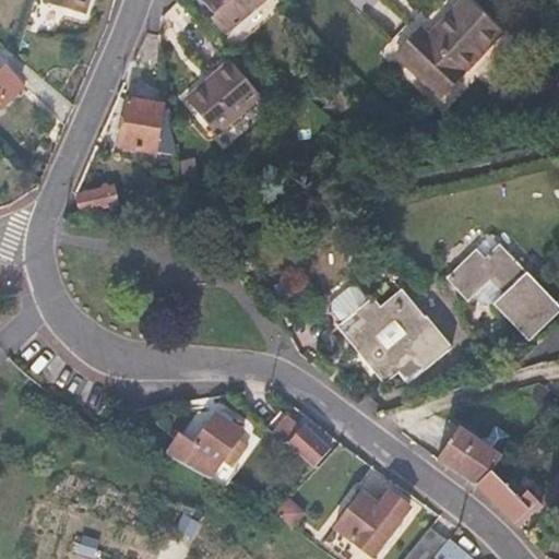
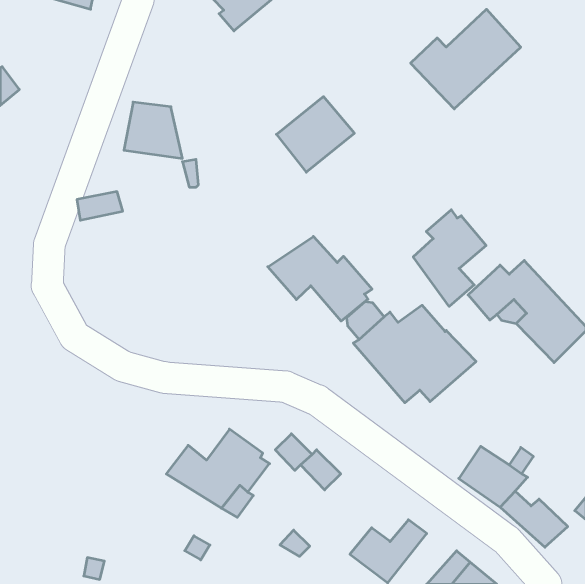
building: [185,57,259,129] -> [276,97,354,172]
building: none -> [413,210,486,306]
building: none -> [268,236,372,321]

